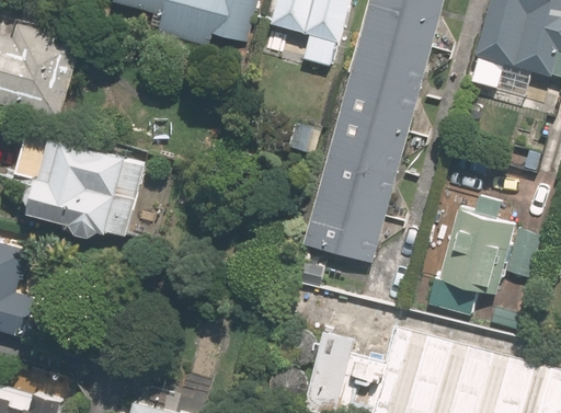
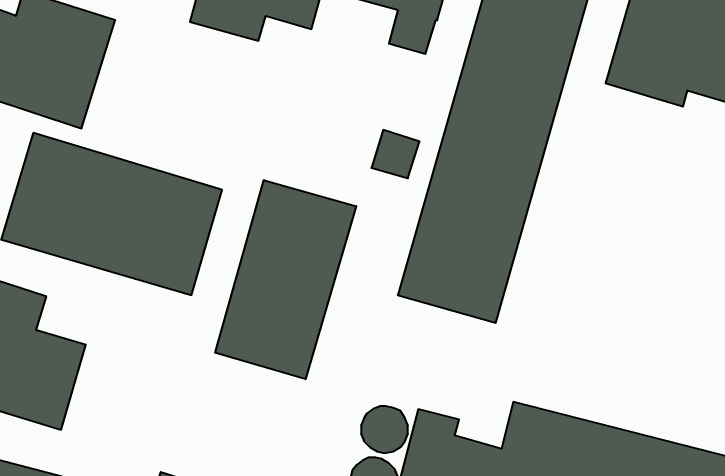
building: none -> [215,180,356,379]
building: [430,194,535,319] -> none

